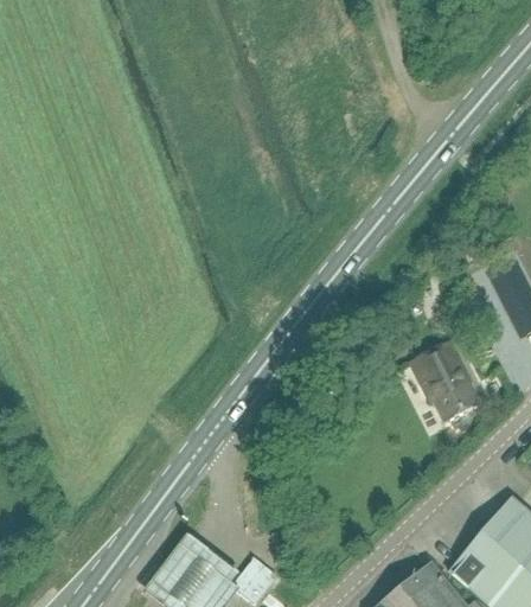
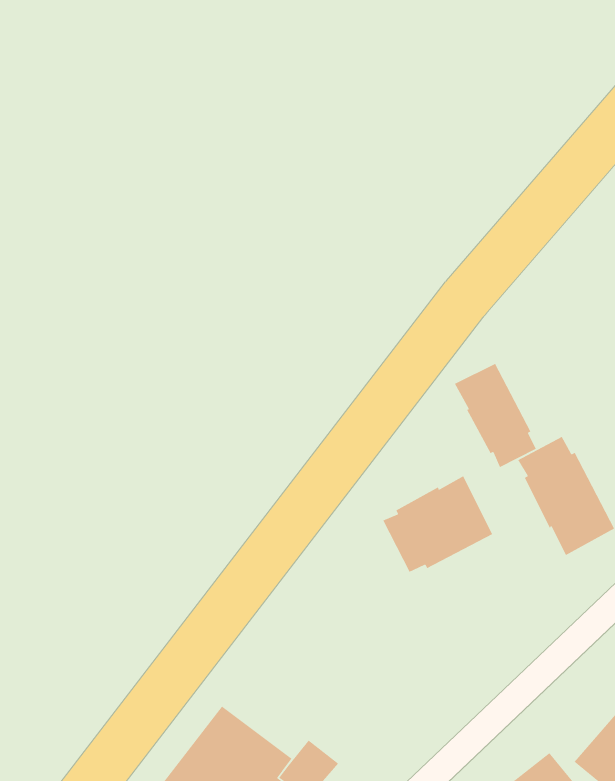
building: none -> [454,363,537,468]
building: none -> [382,475,493,573]

